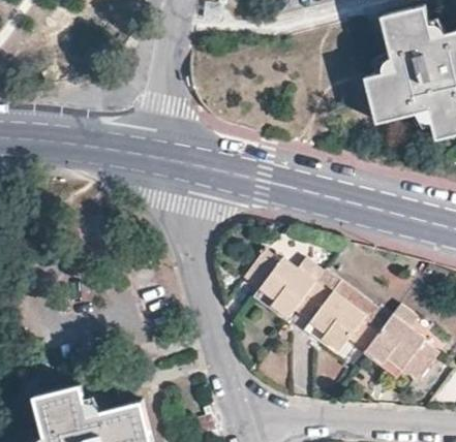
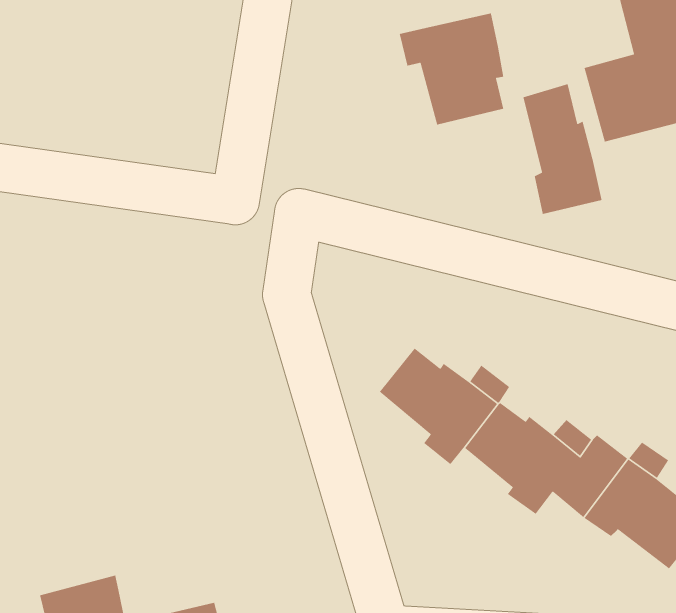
building: none -> [399,13,504,126]
building: none -> [523,83,602,215]

